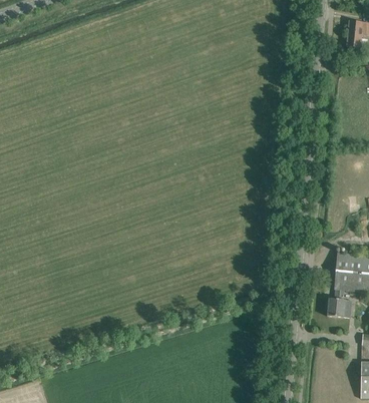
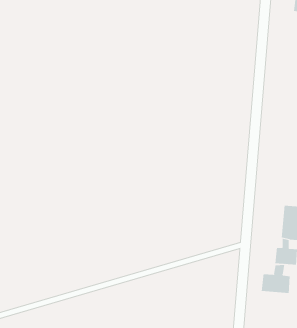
building: none -> [261,264,290,294]

